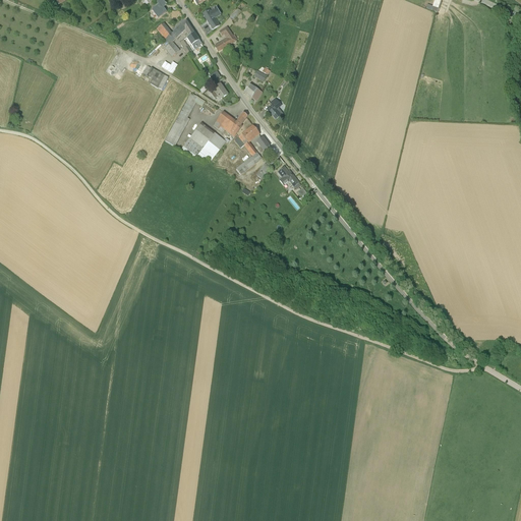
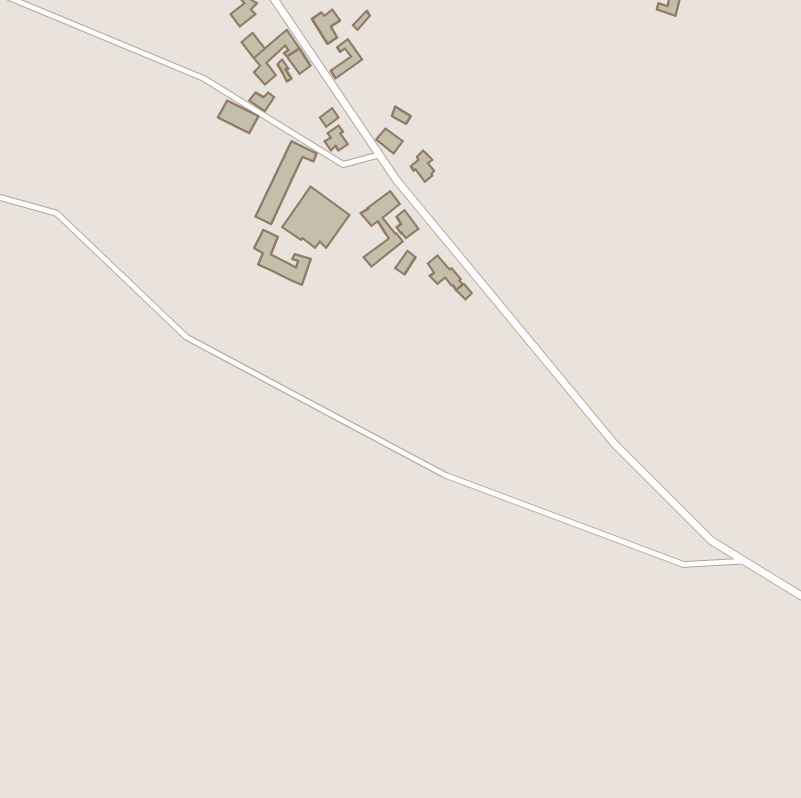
building: [214,111,247,135] -> none
building: none -> [254,230,311,285]

